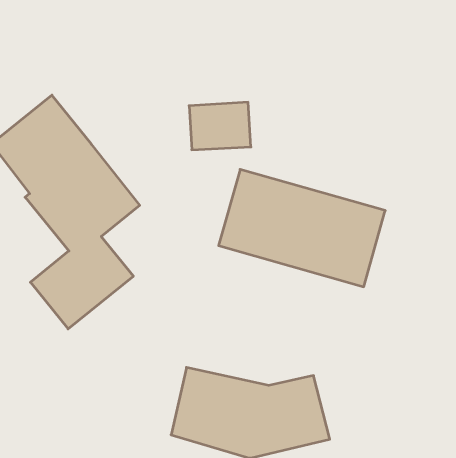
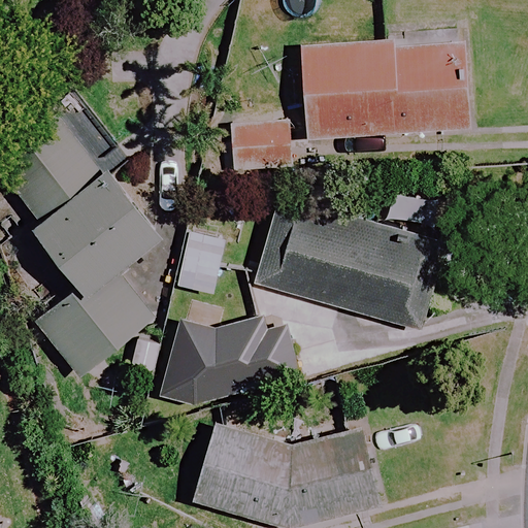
building: none -> [301,41,467,137]
building: none -> [170,322,309,401]

